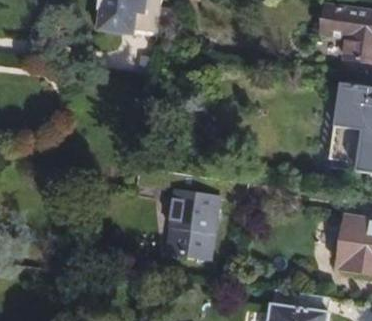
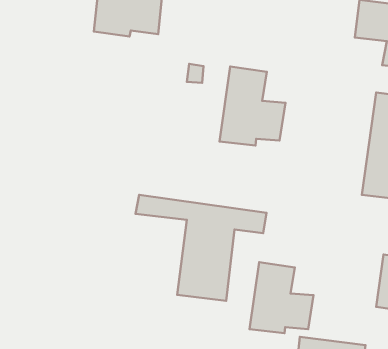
building: none -> [219,66,286,145]
building: none -> [250,262,313,333]

